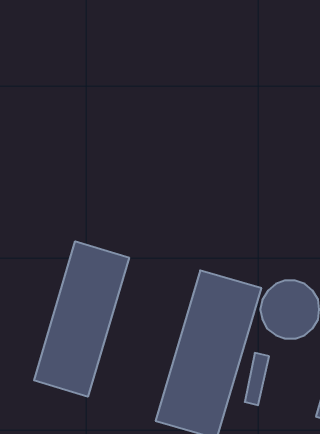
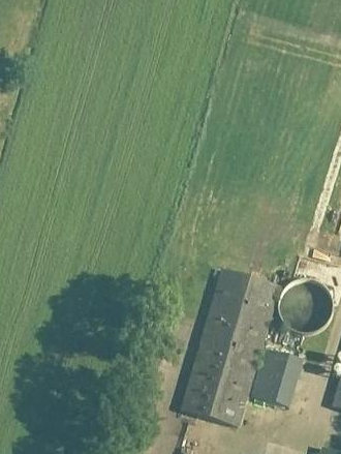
building: [34,241,129,397] -> none
building: none -> [274,350,306,401]

